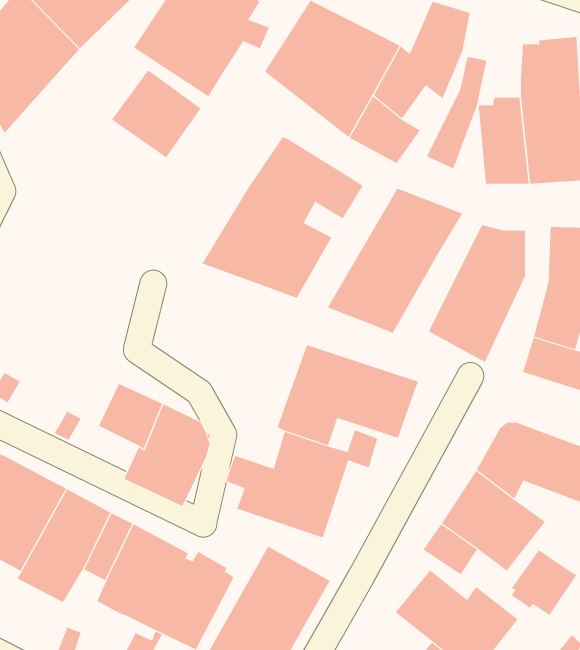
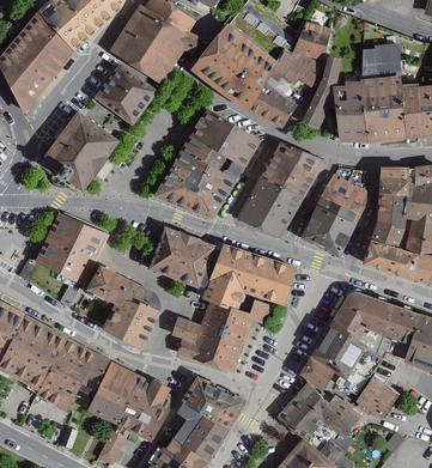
building: none -> [43,114,117,190]
building: none -> [34,212,107,284]
building: none -> [148,226,221,287]

